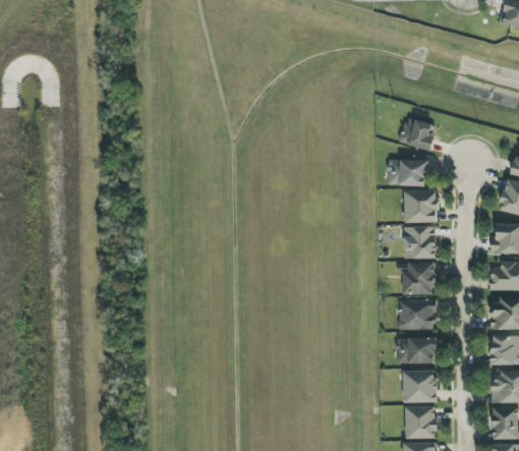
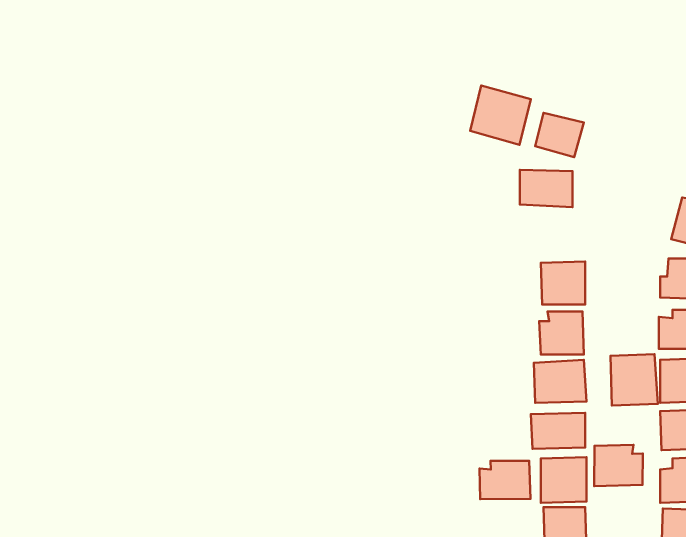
building: none -> [470,85,531,145]
building: [405,190,439,223] -> none
building: none -> [610,354,658,405]
building: none -> [594,445,643,486]
building: none -> [479,461,530,499]

